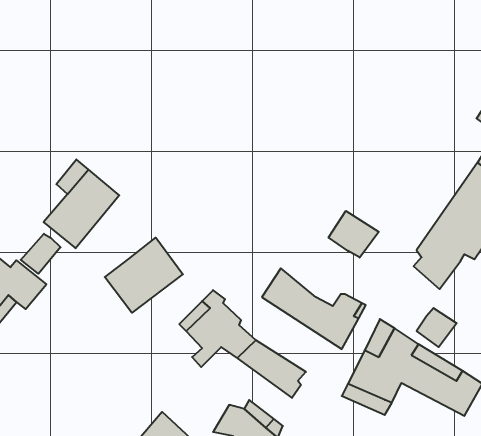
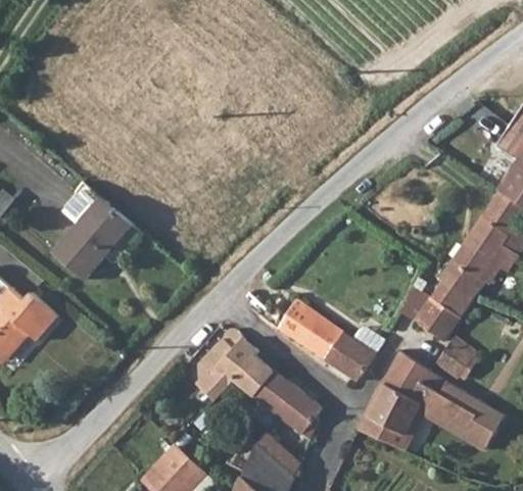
building: [329,211,379,258] -> none
building: [21,234,61,274] -> none
building: [105,238,183,313] -> none
building: none -> [414,296,460,344]

